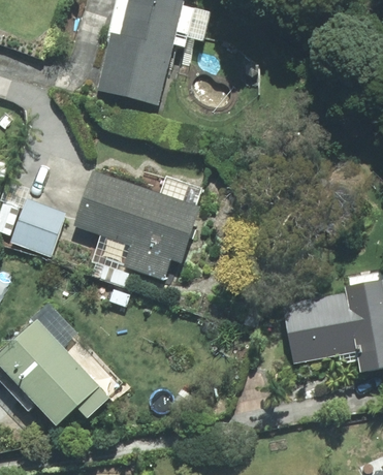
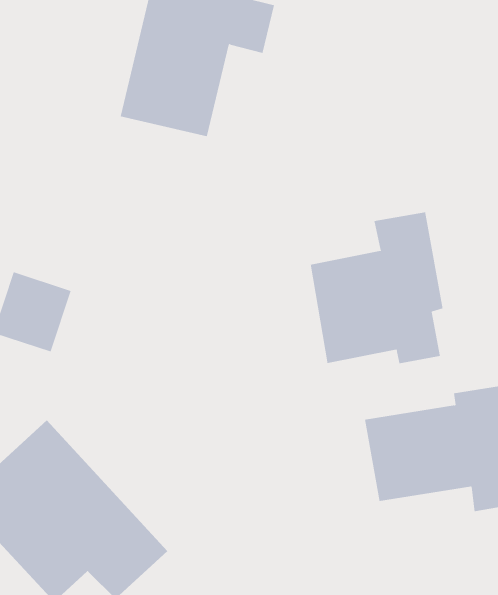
building: none -> [310,212,443,364]
building: [71,169,202,280] -> none

